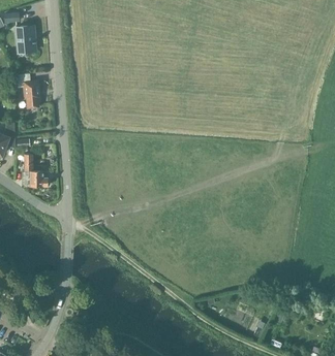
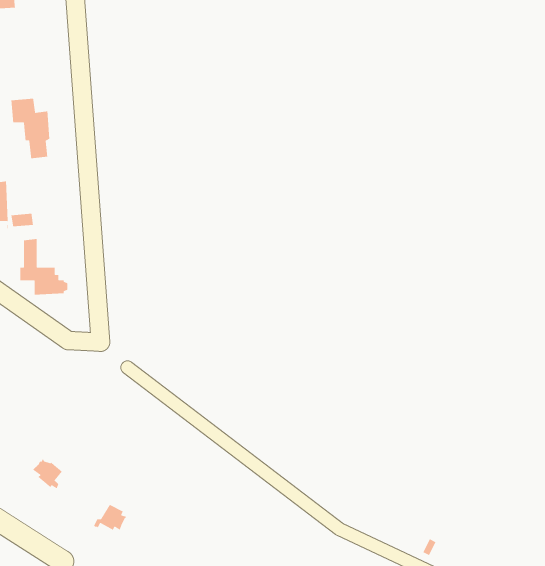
building: [16,27,36,54] -> none

